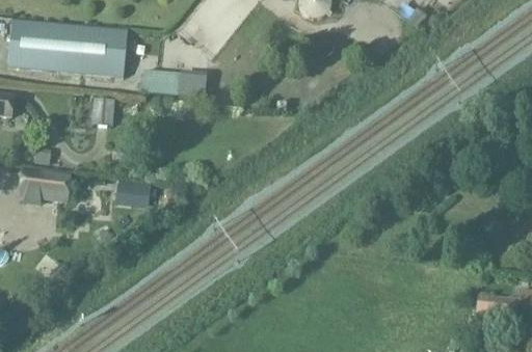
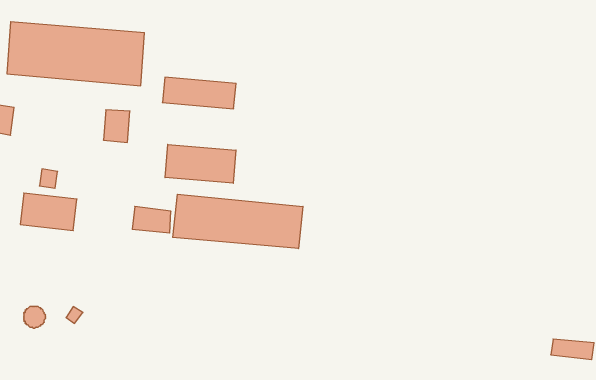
building: none -> [165,144,236,183]
building: none -> [173,194,303,249]

